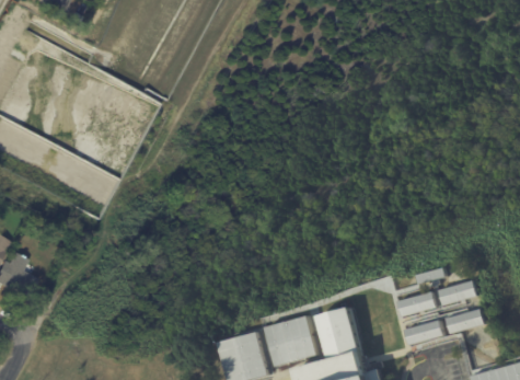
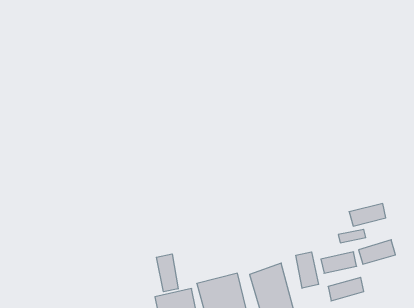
building: none -> [296,252,319,288]
building: none -> [156,254,178,292]
building: [442,309,482,333] -> [349,204,386,226]

